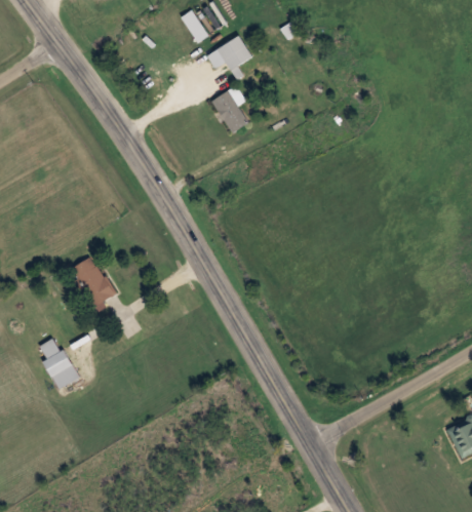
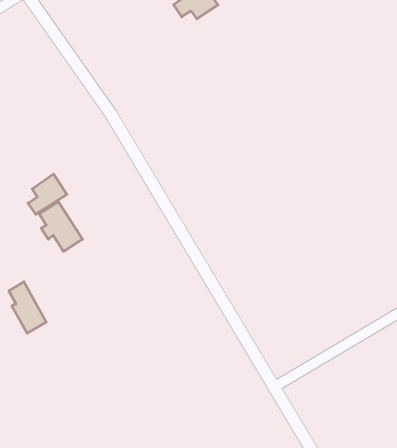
building: [211,85,248,133] -> none
building: none -> [28,174,67,214]

